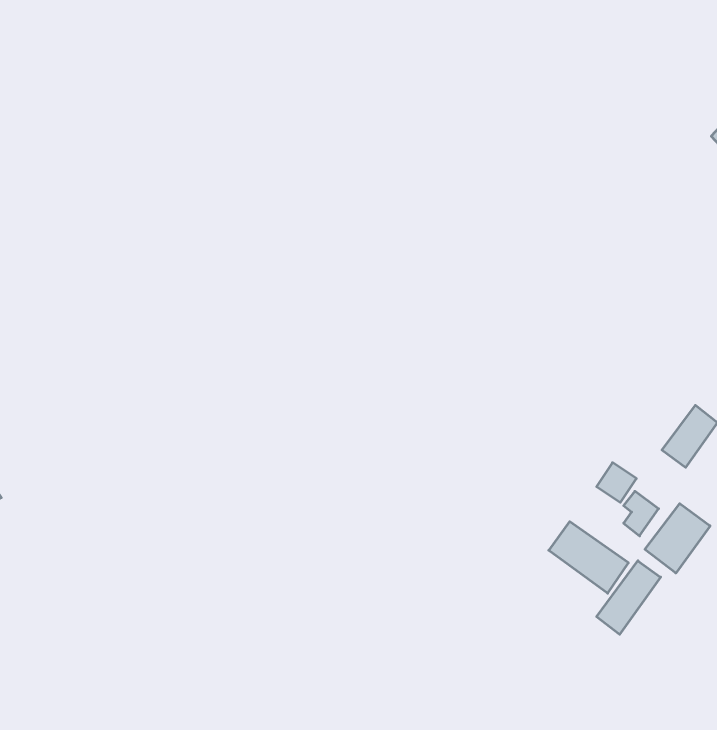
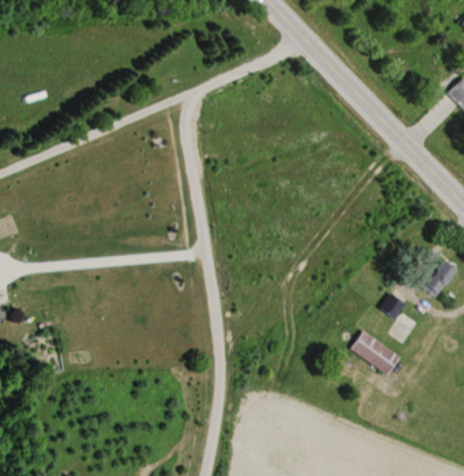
building: [645,504,710,573] -> none
building: [597,561,661,634] -> none

